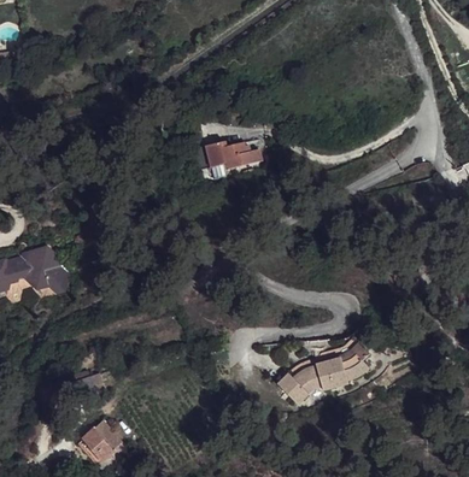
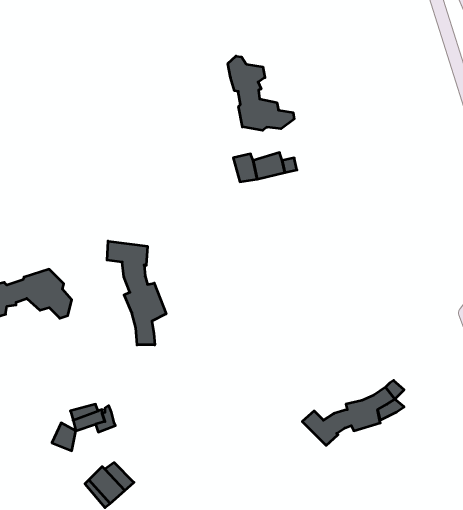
building: none -> [228,56,294,130]
building: none -> [107,241,166,345]

